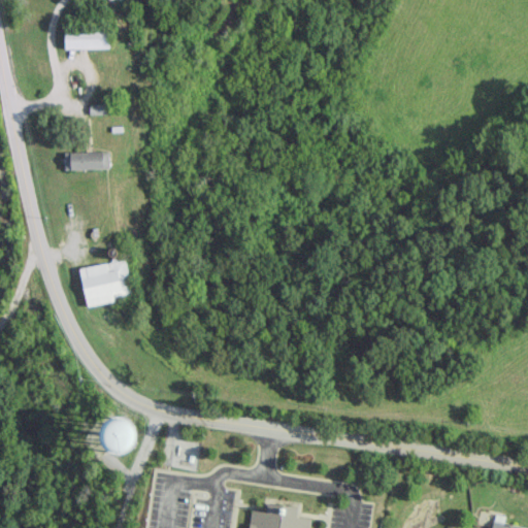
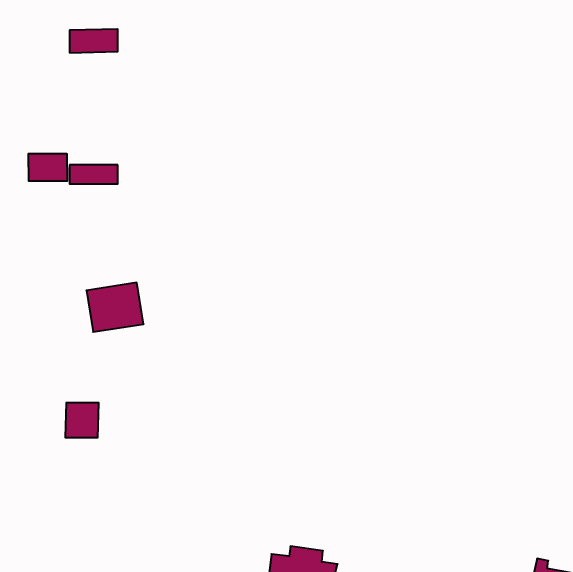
building: none -> [28,154,67,181]
building: [102,421,133,453] -> [65,403,99,438]

